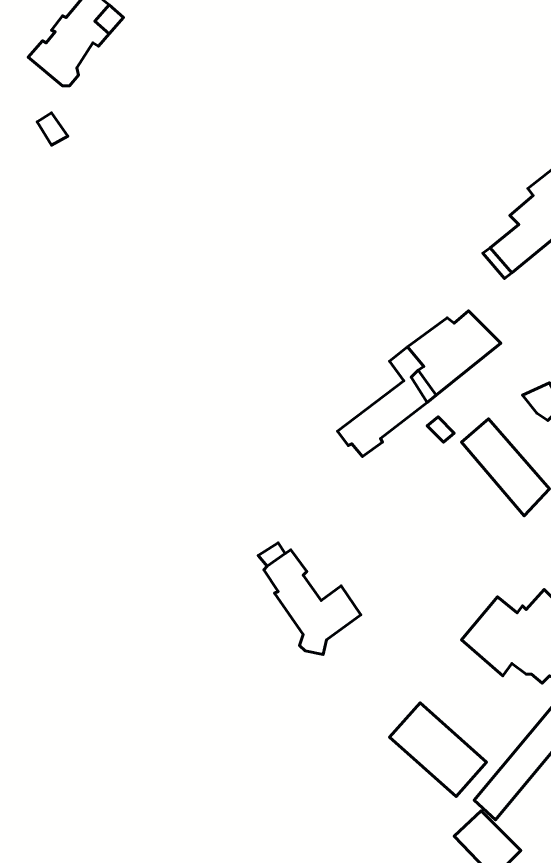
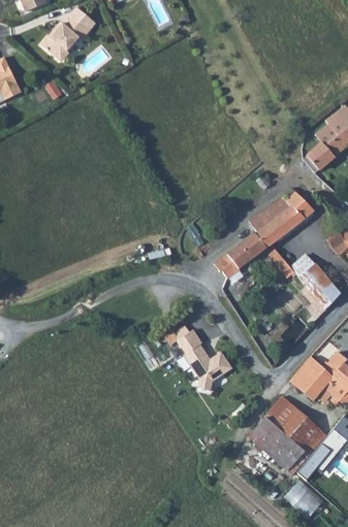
building: none -> [265,397,325,454]

